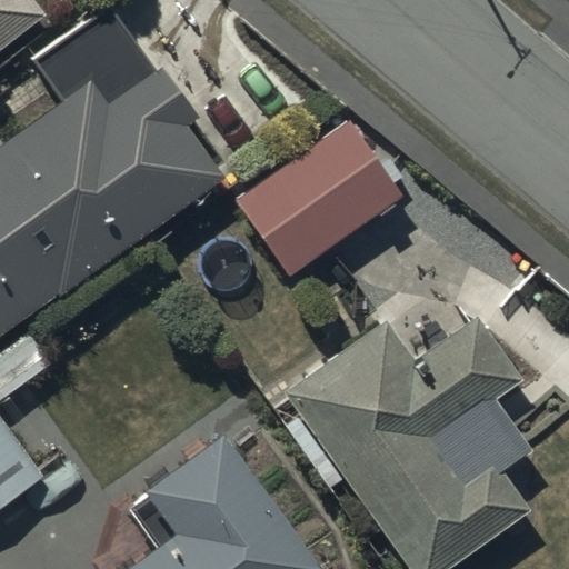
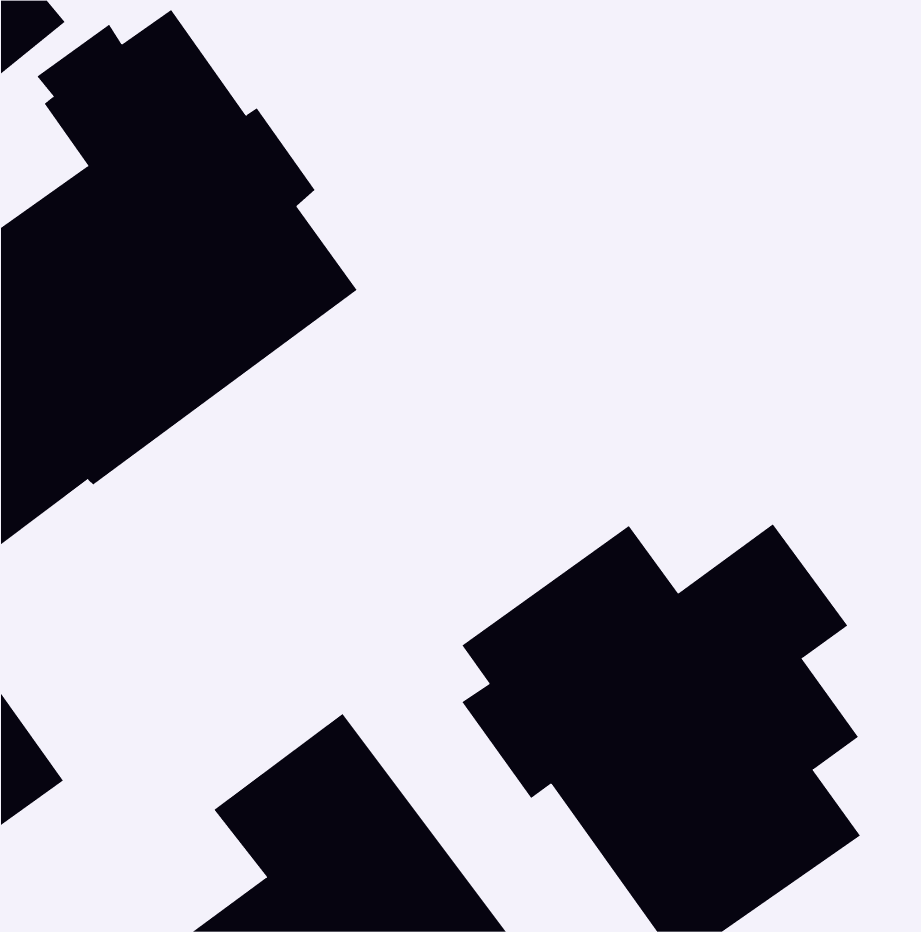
building: [238,121,400,272] -> none

